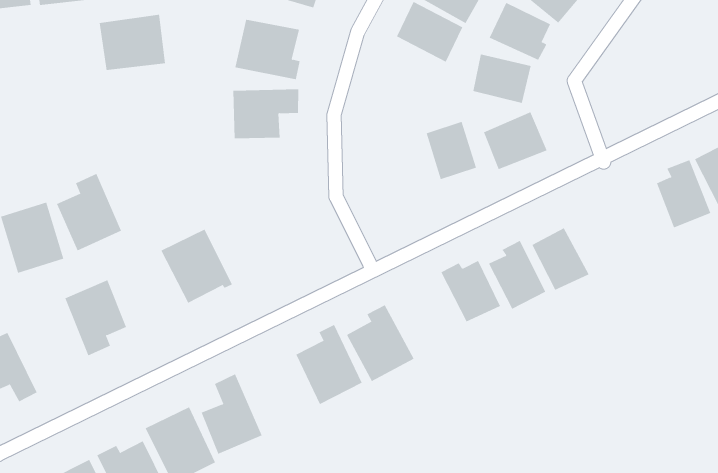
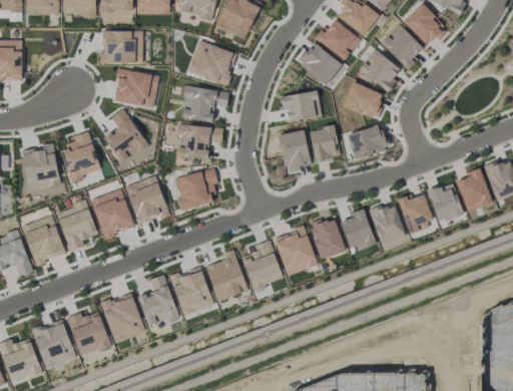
building: none -> [281,91,320,119]
building: none -> [113,68,159,107]
building: none -> [104,107,147,162]
building: none -> [278,129,311,169]
building: none -> [176,124,222,158]
building: none -> [427,181,463,222]
building: none -> [174,168,218,210]
building: none -> [396,193,434,233]
building: none -> [90,188,133,240]
building: none -> [274,227,317,276]
building: none -> [21,215,66,265]
building: none -> [168,267,213,315]

